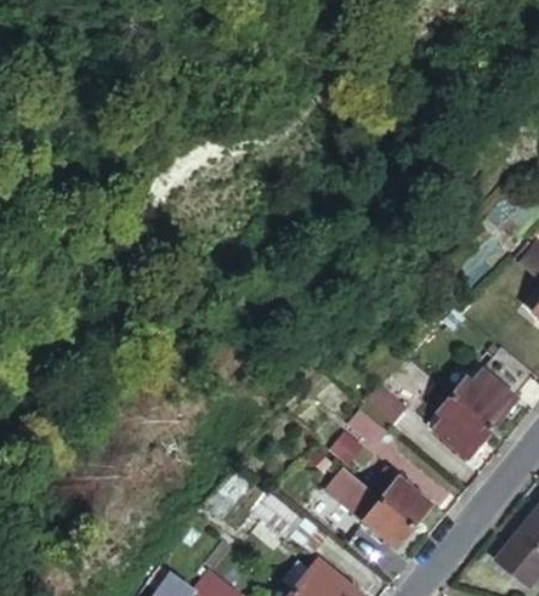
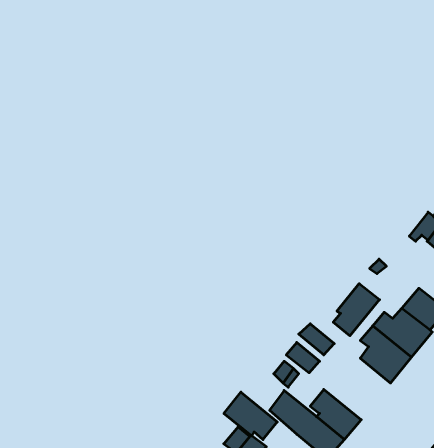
building: none -> [333,284,380,336]
building: none -> [224,392,277,440]

